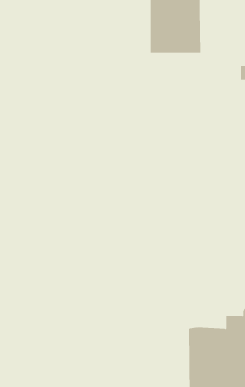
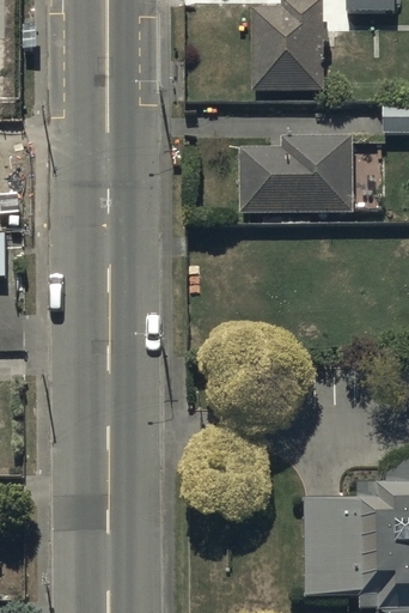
building: none -> [238,138,352,217]

